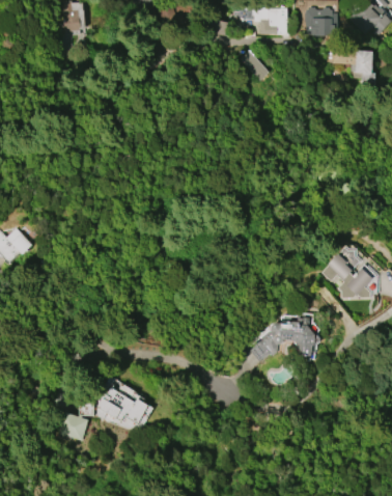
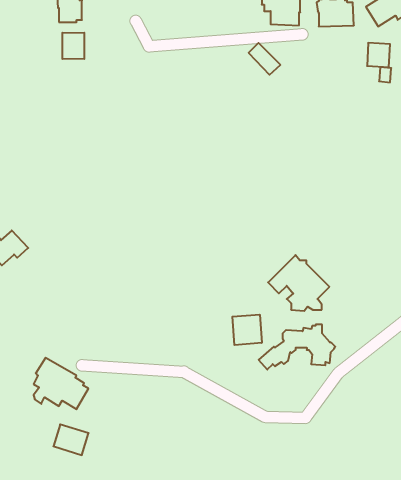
building: none -> [62,33,84,59]
building: [318,246,376,299] -> [268,255,329,311]
building: none -> [232,315,262,345]
building: [95,376,147,424] -> [34,358,88,409]

